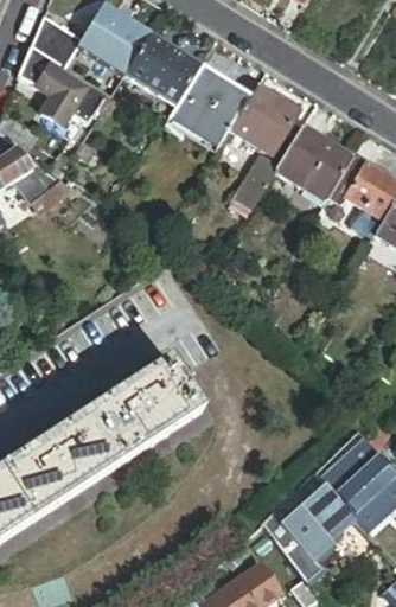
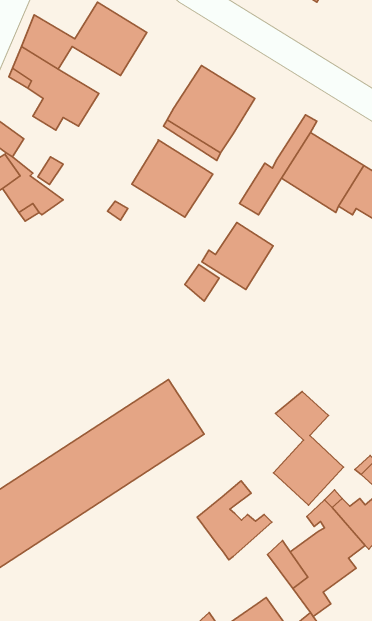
building: [124,32,200,104] -> [132,140,213,217]
building: [230,84,298,153] -> none
building: none -> [202,222,273,289]
building: none -> [274,392,344,505]
building: none -> [197,481,272,560]

